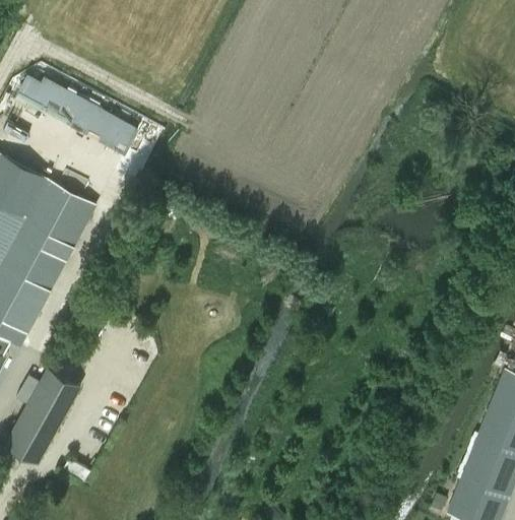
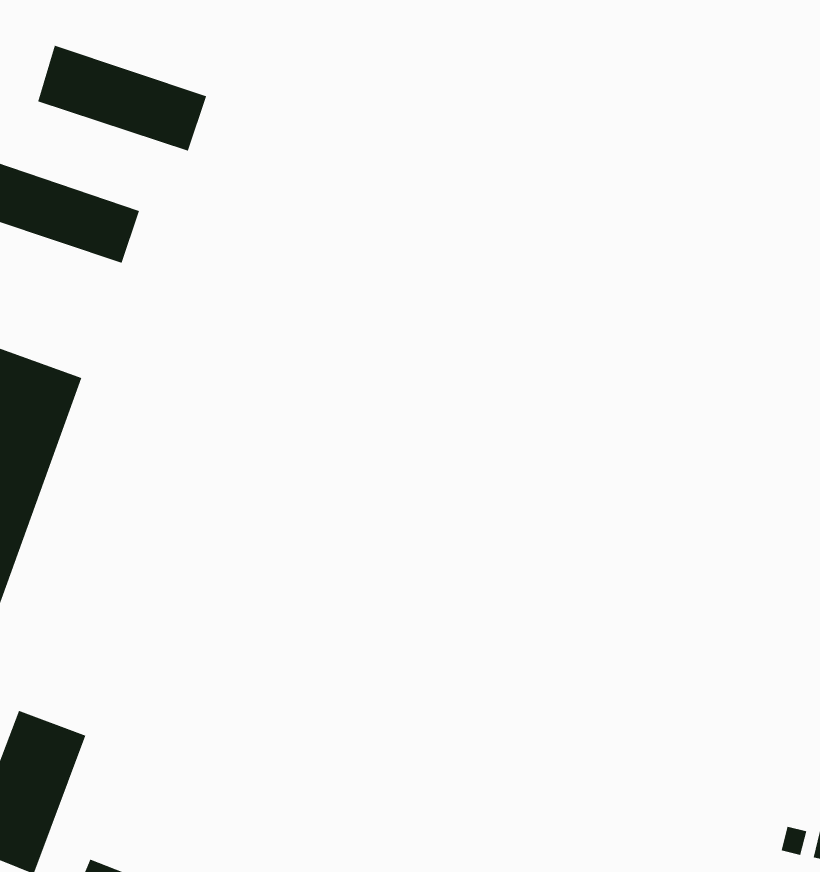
building: none -> [37,45,207,152]

